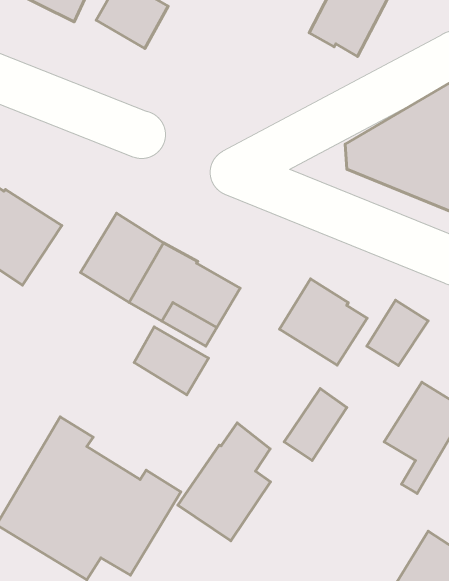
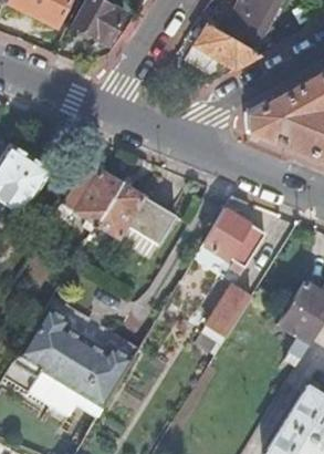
building: none -> [185,23,261,72]
building: [367,300,428,365] -> none
building: [134,327,208,395] -> none
building: [178,423,271,541] -> none

